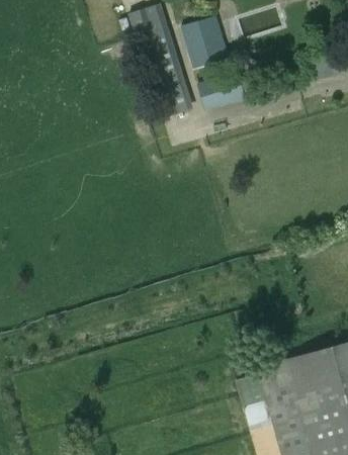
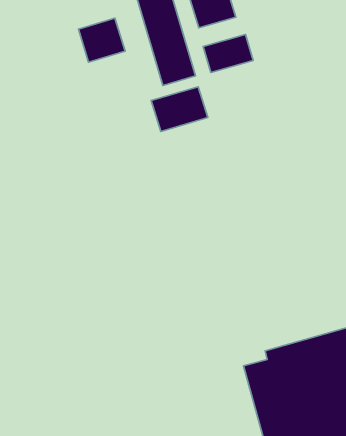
building: none -> [78,18,125,62]
building: none -> [151,87,208,132]

